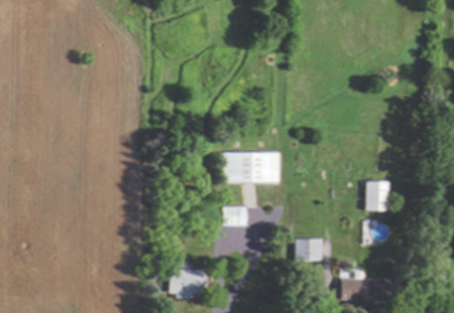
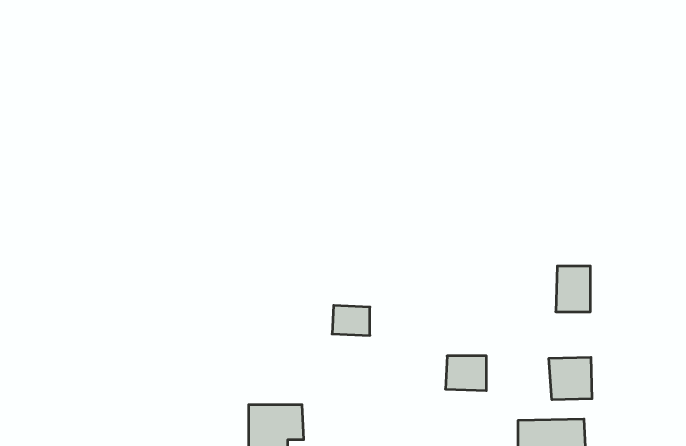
building: [223,152,280,183] -> none
building: none -> [549,357,592,400]

